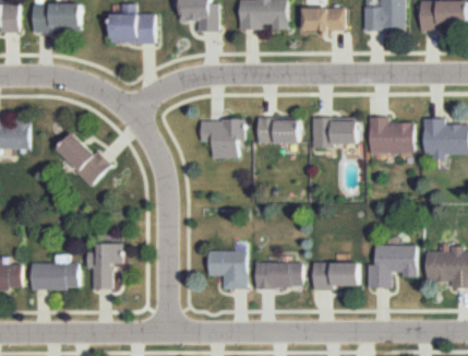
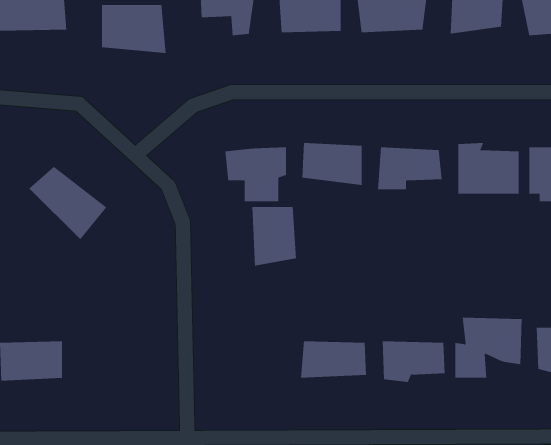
building: none -> [252,206,297,266]
building: [92,241,123,290] -> none
building: [206,250,248,290] -> none

